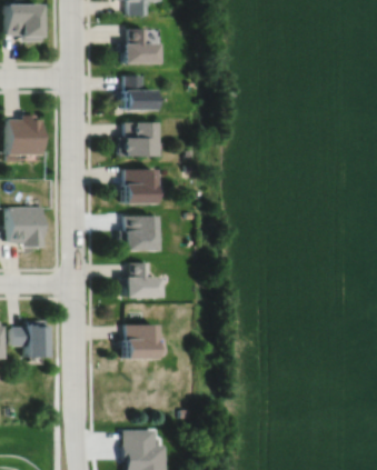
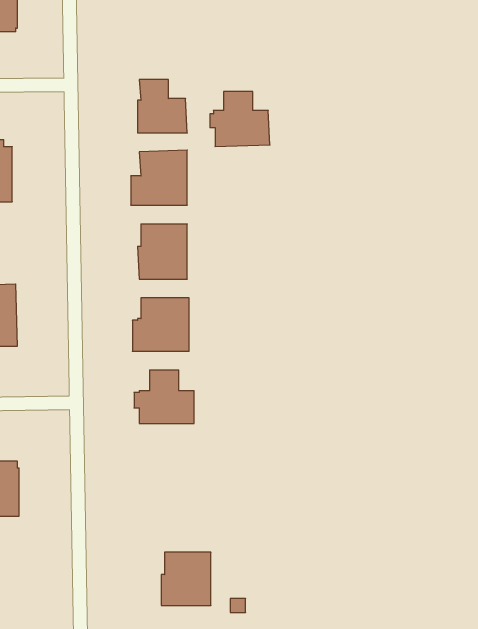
building: [120,28,159,63] -> [210,92,270,147]
building: [125,324,157,359] -> [161,552,211,605]

